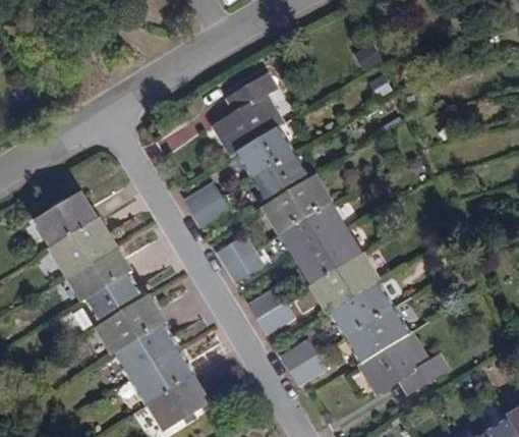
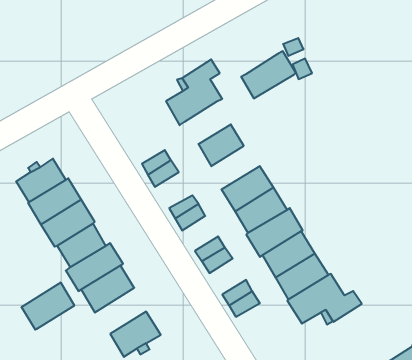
building: [236,125,291,176] -> none
building: [263,175,328,231] -> [241,51,296,98]
building: [129,347,192,403] -> [21,283,74,330]

